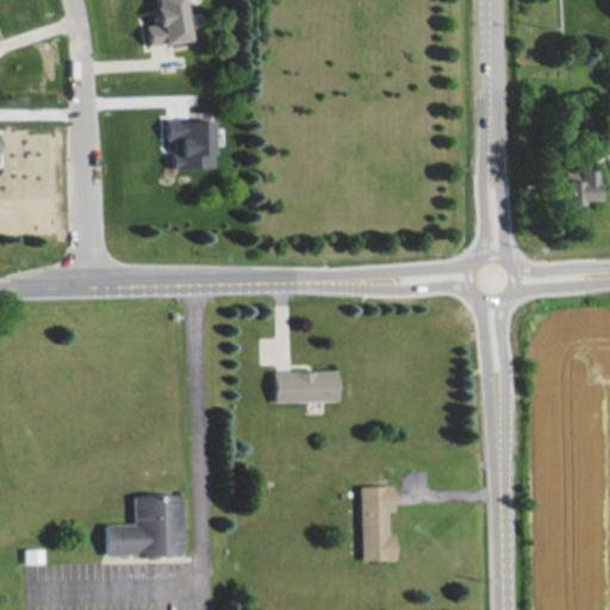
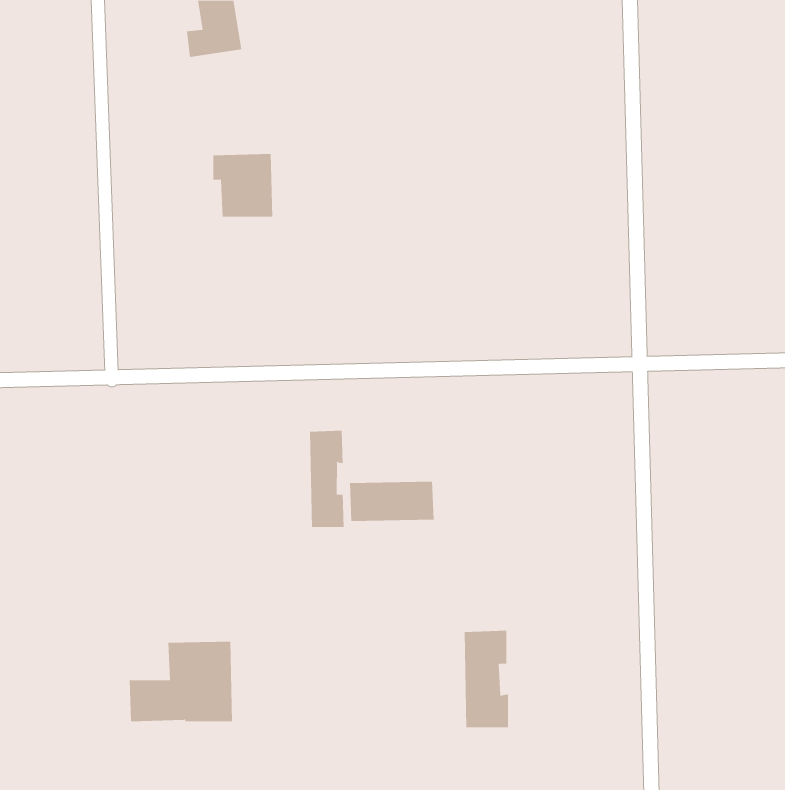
building: [565,167,604,206] -> none
building: none -> [310,430,344,528]

